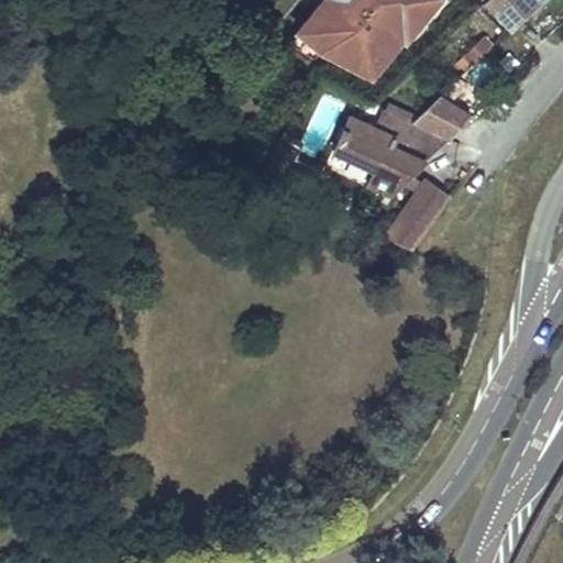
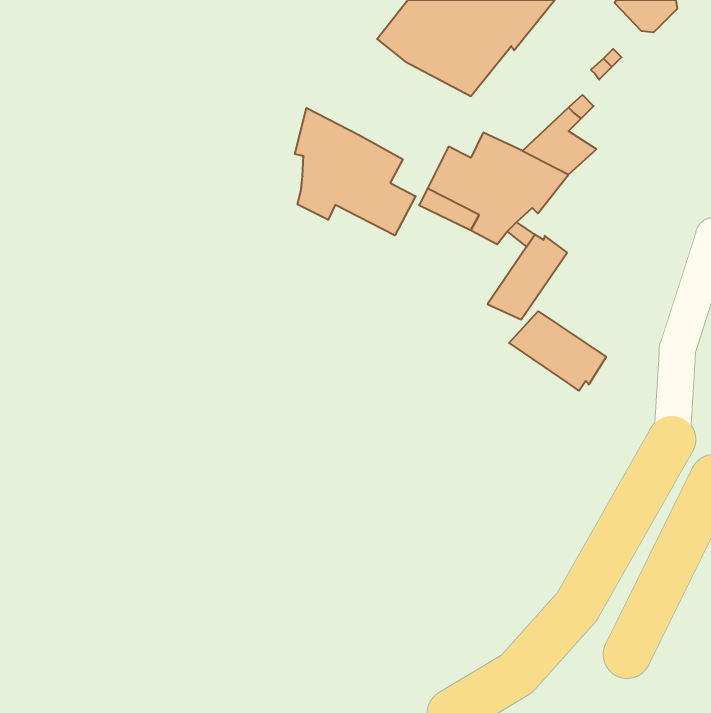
building: none -> [295,108,416,235]
building: none -> [509,311,606,391]

